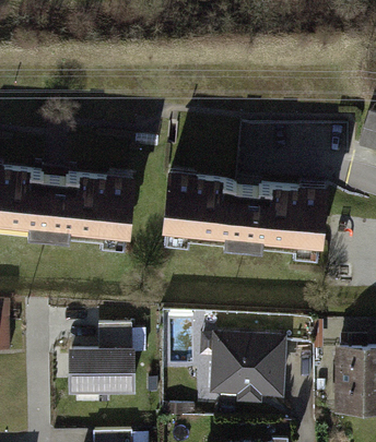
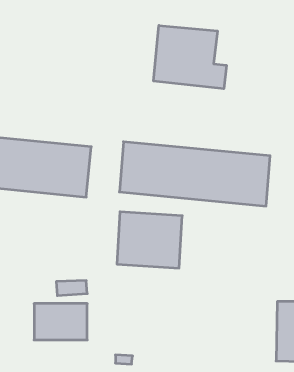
building: none -> [154,25,226,89]
building: [212,336,283,397] -> [117,212,182,268]

